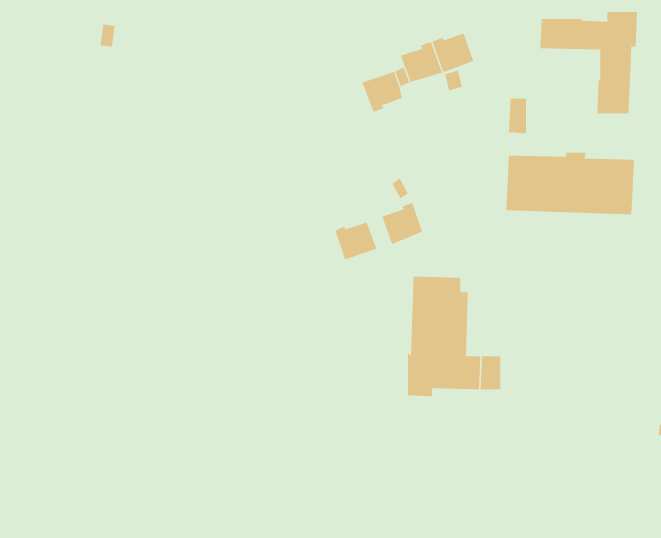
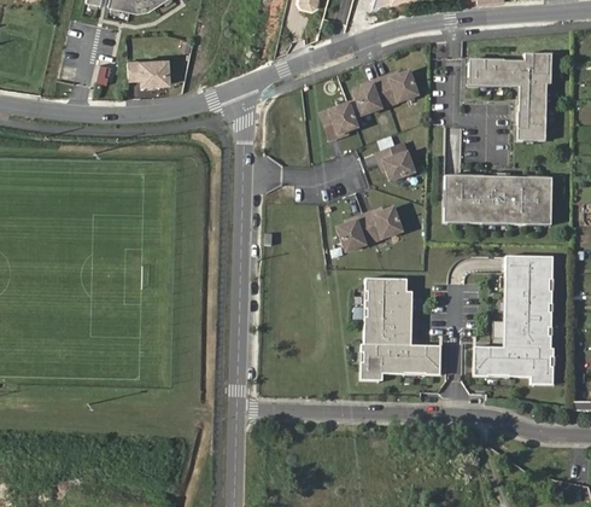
building: none -> [128,60,169,84]
building: none -> [378,144,412,180]
building: [334,222,377,260] -> [364,208,400,240]
building: none -> [469,257,550,386]

